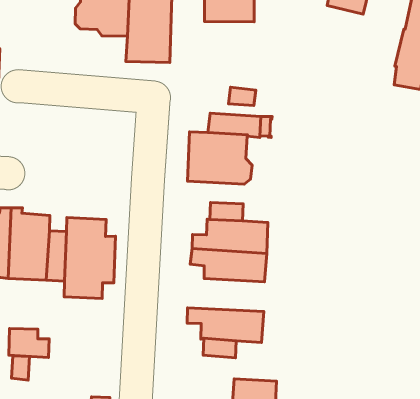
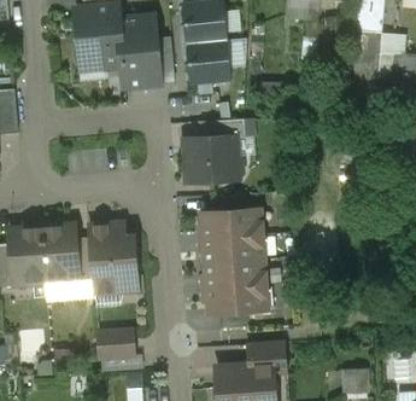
building: none -> [186,39,232,83]
building: none -> [201,258,266,289]
building: [9,328,49,357] -> [98,331,134,356]

